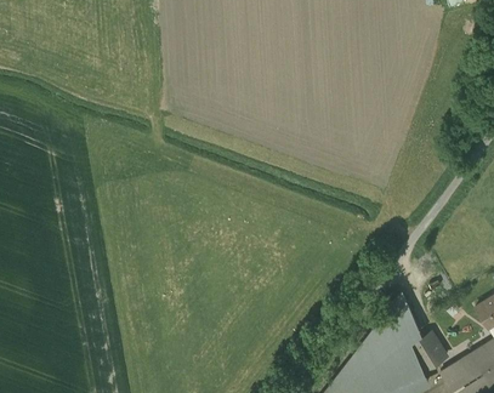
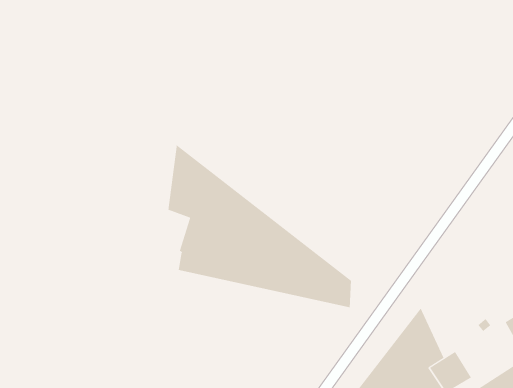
building: none -> [168,144,352,308]

